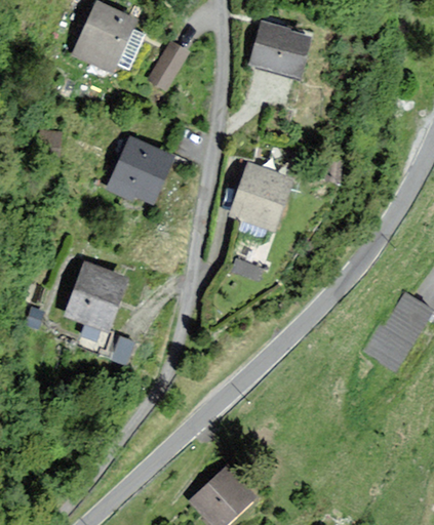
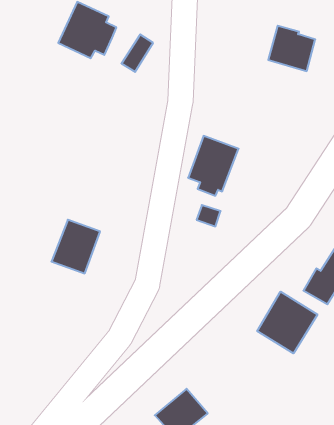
building: [251,22,308,76] -> [268,26,315,71]
building: [108,138,171,202] -> none
building: none -> [257,292,317,353]

